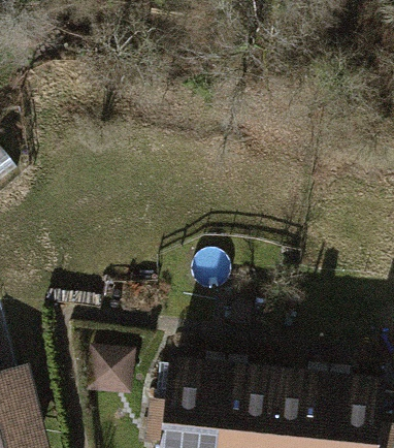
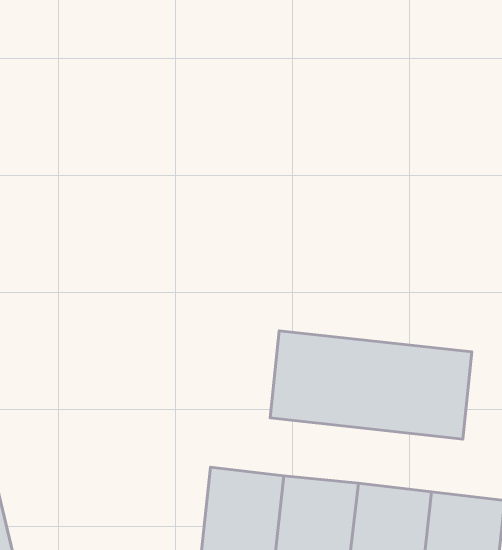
building: none -> [270,331,472,439]

